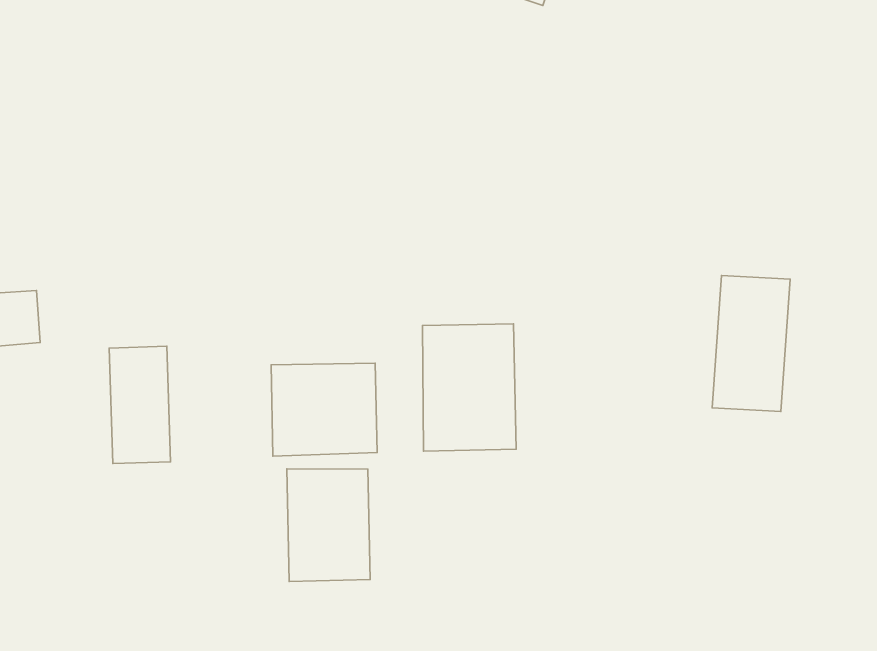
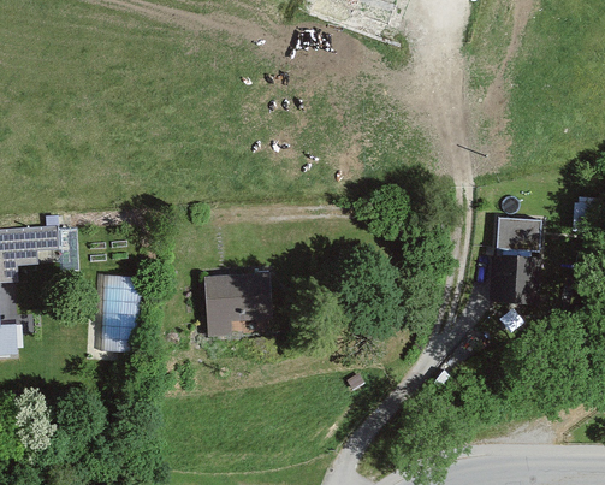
building: [423,324,516,451] -> none
building: [287,469,370,581] -> none

